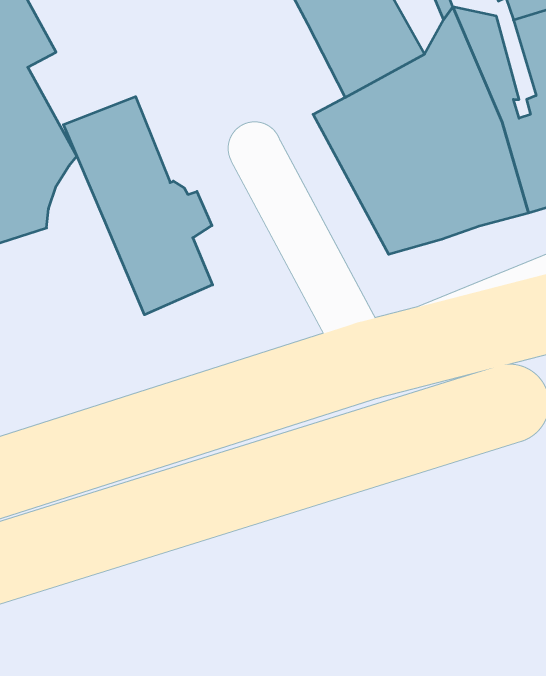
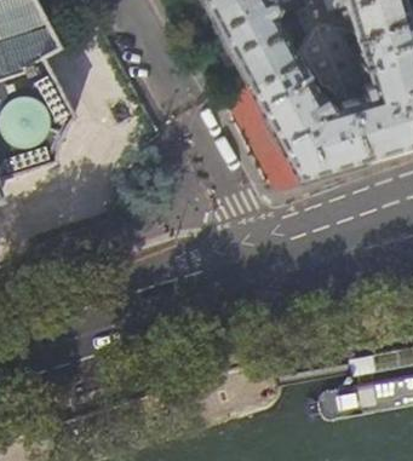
building: [63,97,213,315] -> none

